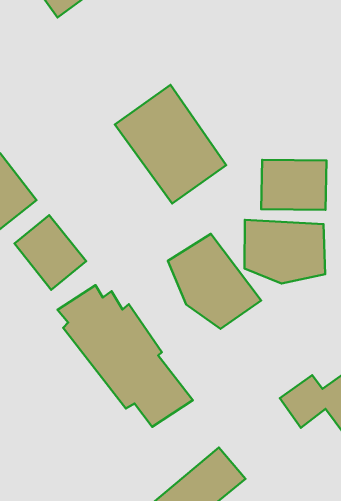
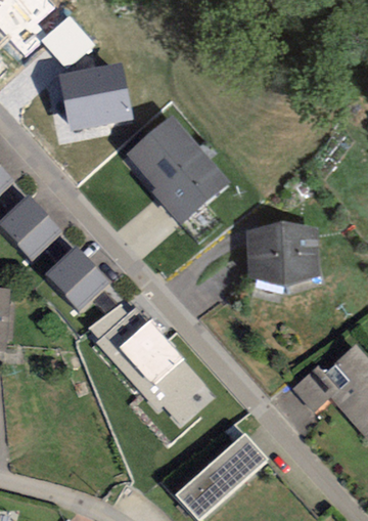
building: none -> [58,60,133,128]
building: [261,160,327,210] -> none
building: [168,234,261,329] -> none

